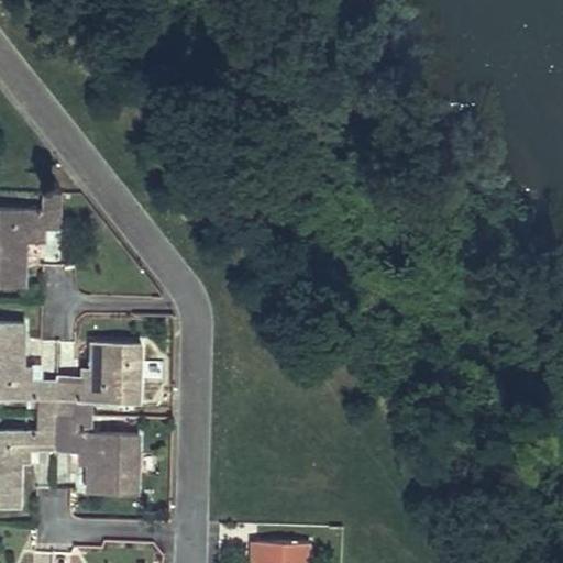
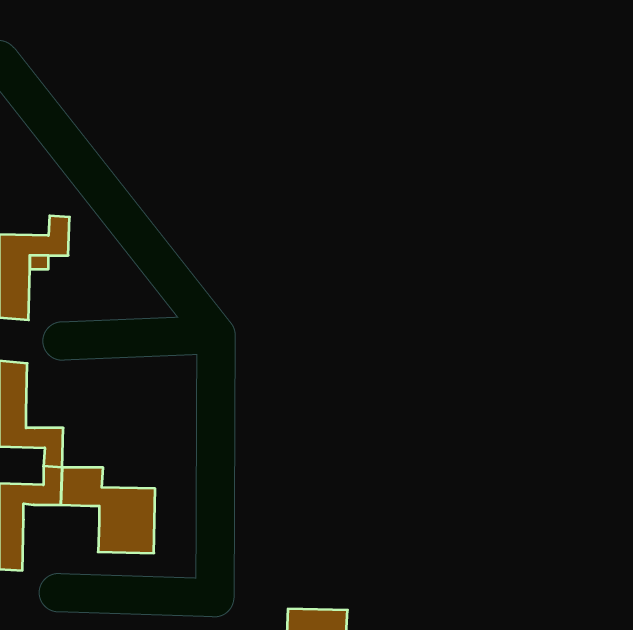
building: [55,344,140,418] -> none

